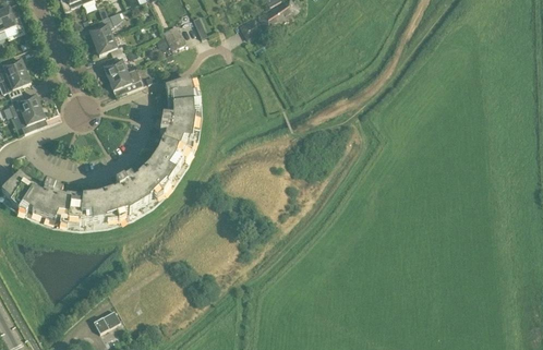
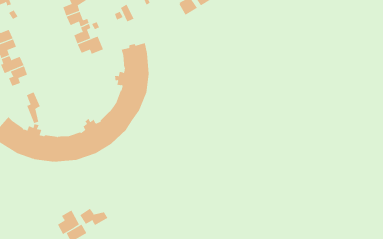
building: none -> [26,91,41,124]
building: none -> [79,208,108,226]
building: none -> [57,209,80,235]

